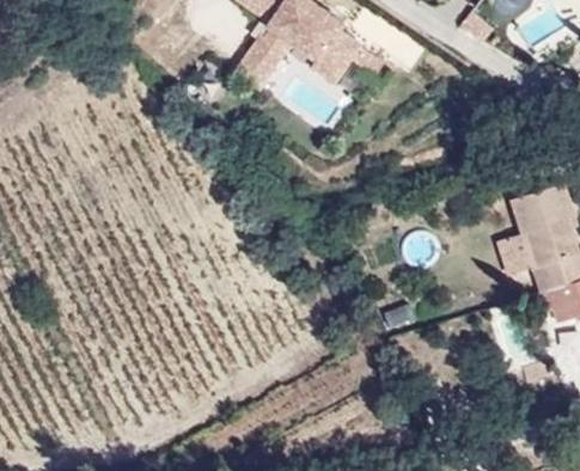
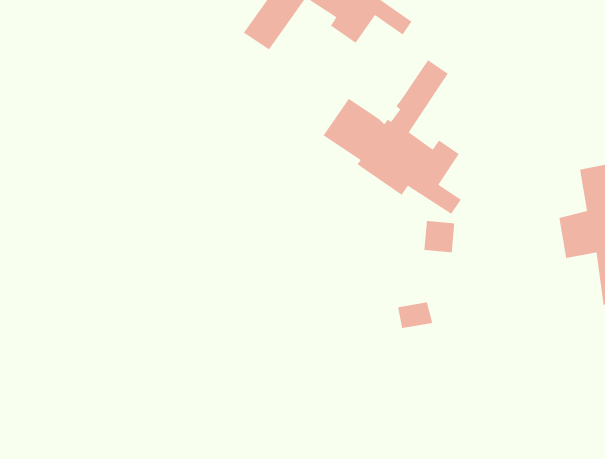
building: none -> [322,59,462,215]

